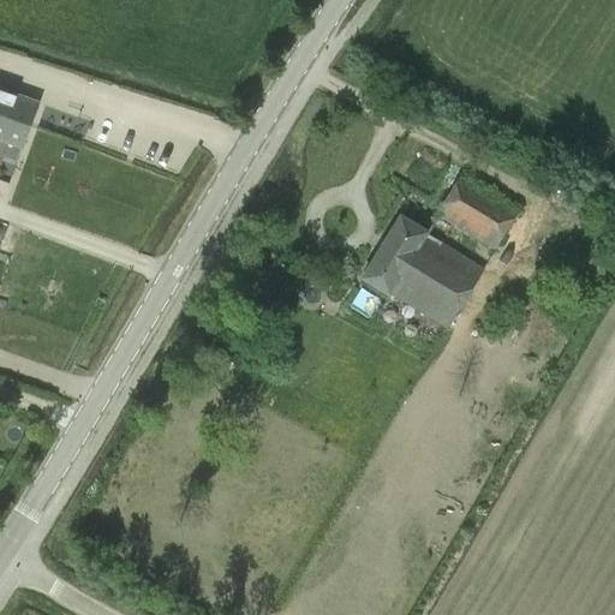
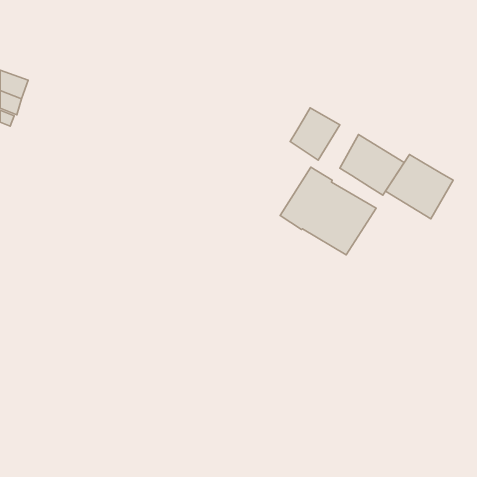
building: none -> [290,108,340,160]
building: none -> [385,155,453,219]

